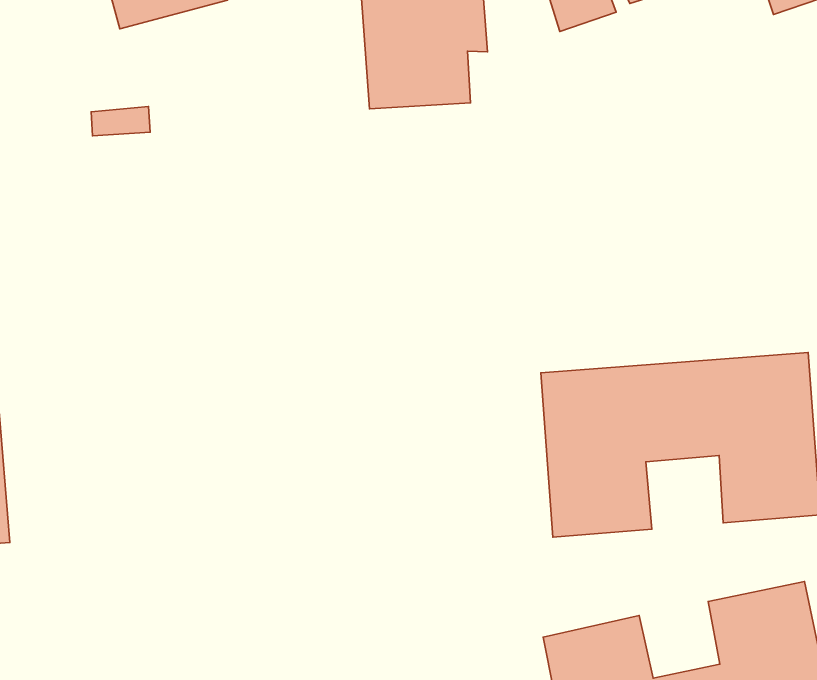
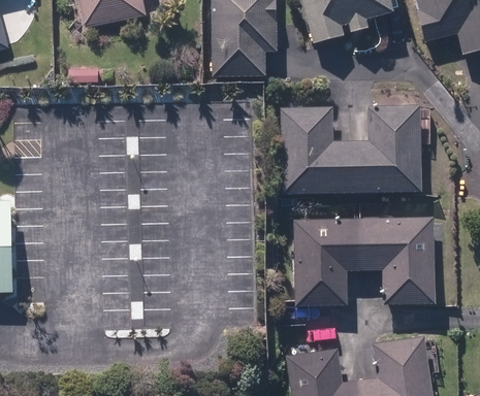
building: none -> [279,105,421,193]

